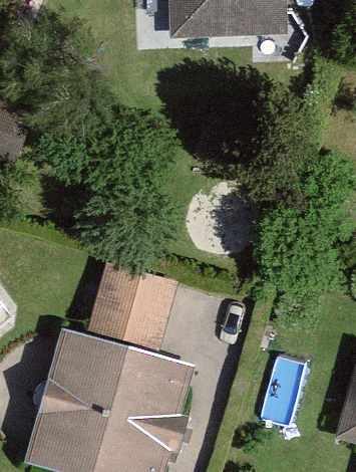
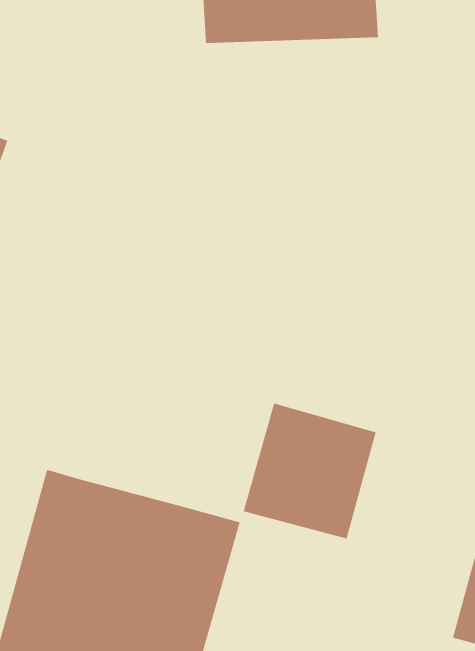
building: [86,262,177,356] -> [243,403,377,539]

